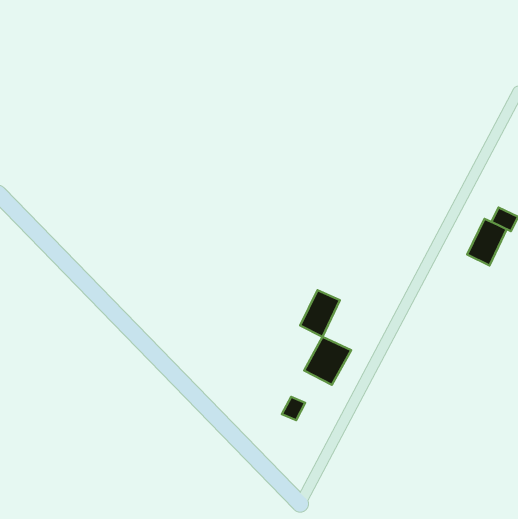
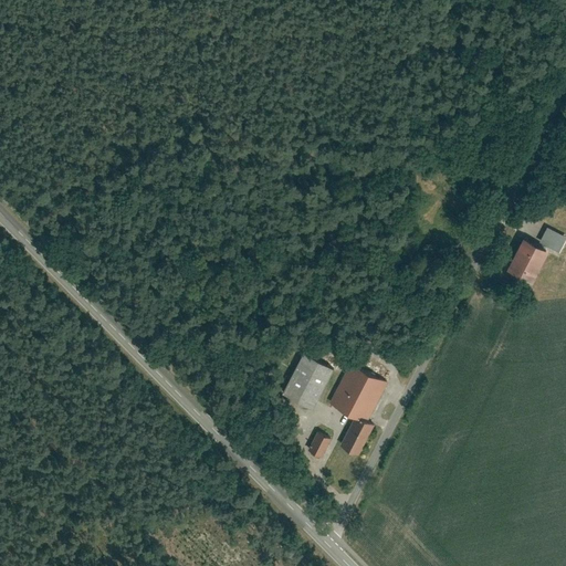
building: [300,290,340,337] -> [285,357,328,408]
building: none -> [337,418,369,455]

